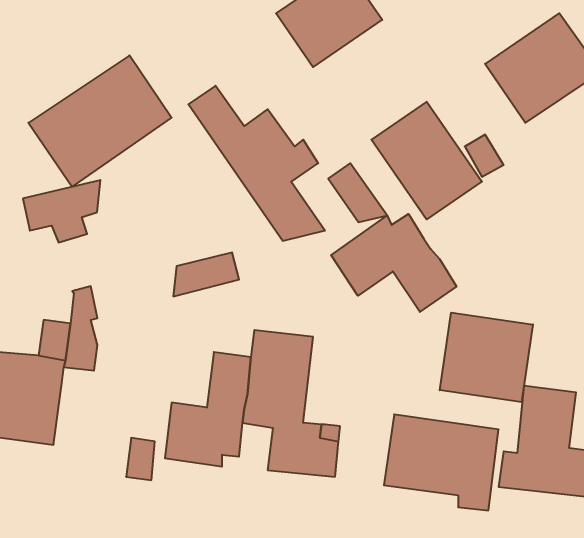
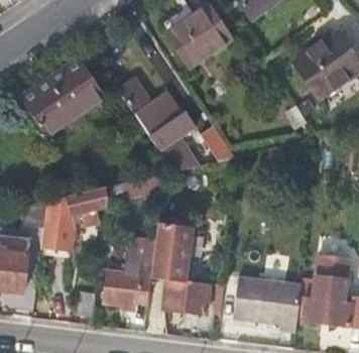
building: [371,102,482,219] -> none
building: [23,180,100,242] -> [58,187,105,224]
building: [331,214,456,312] -> none
building: [440,313,533,402] -> none

